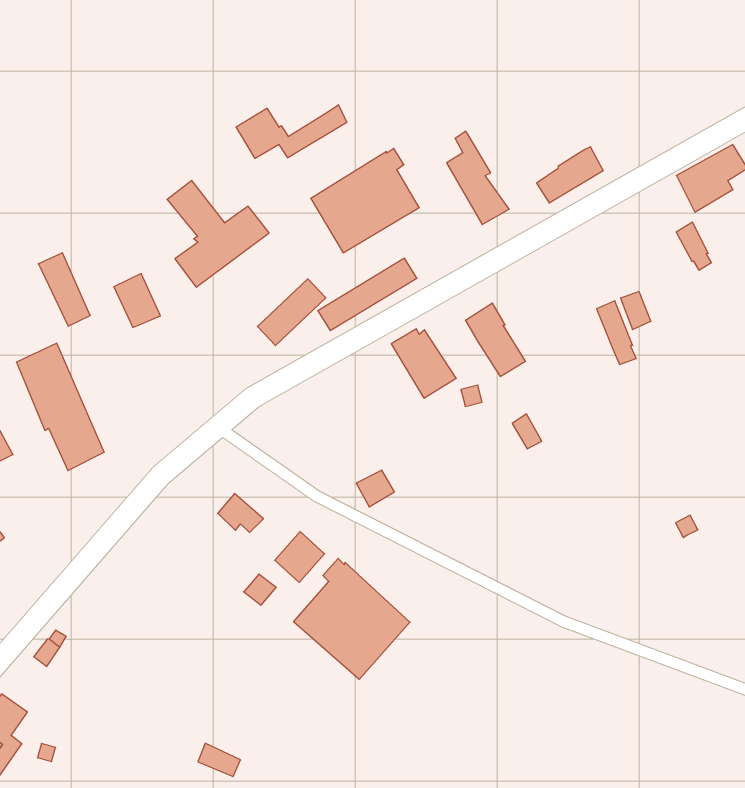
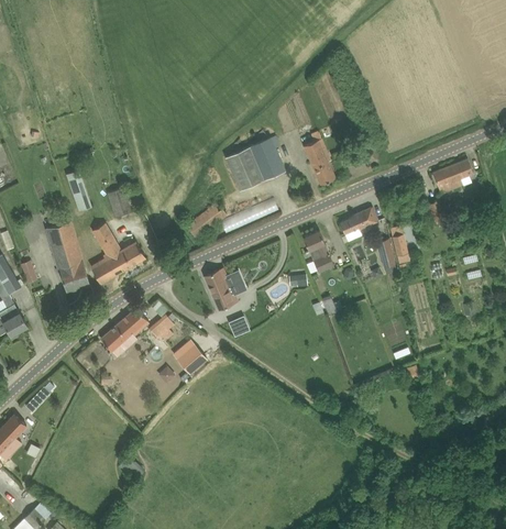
building: [236,105,347,158] -> none
building: [537,147,603,203] -> [339,206,377,234]
building: [167,181,269,287] -> [90,222,145,283]
building: [391,329,456,398] -> [204,269,238,309]
building: none -> [100,307,149,351]
building: [294,558,410,679] -> none

